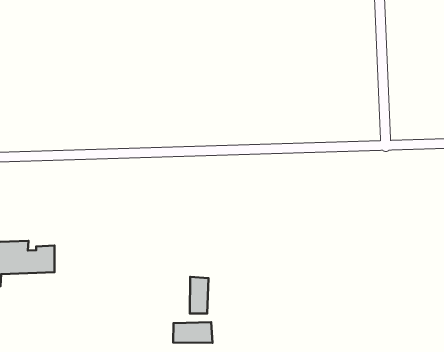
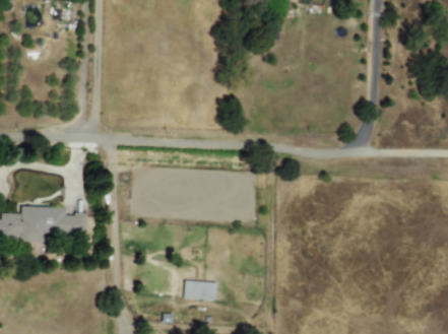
building: [190,277,208,313] -> none

